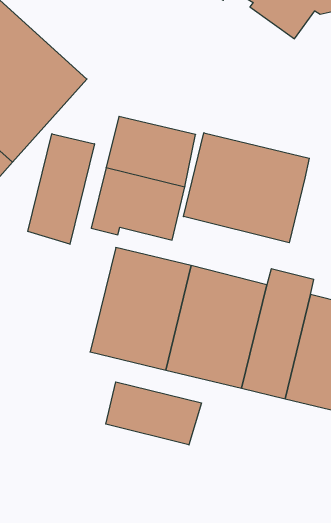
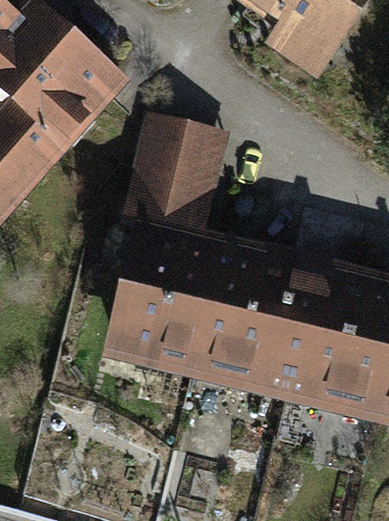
building: [183,133,309,243] -> none
building: [28,134,94,244] -> none
building: [106,382,201,445] -> none

